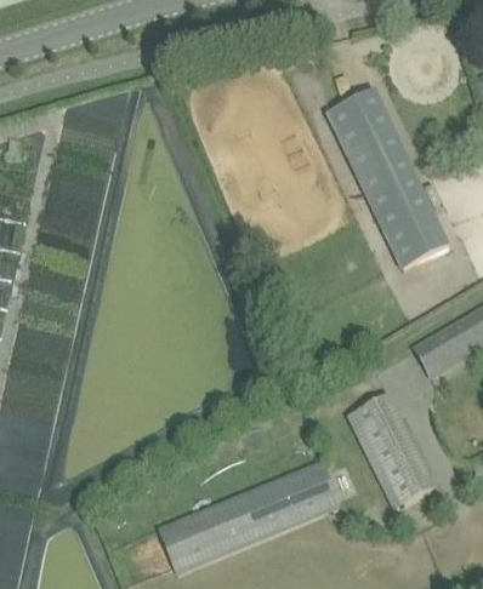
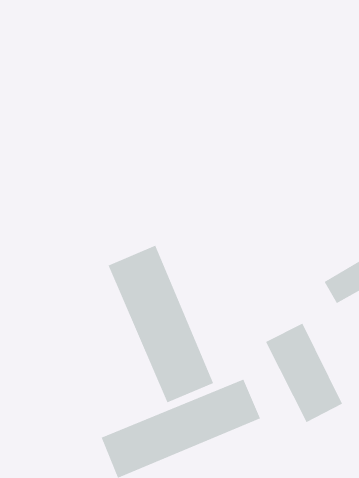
building: [329,91,449,269] -> none
building: none -> [108,245,214,403]

